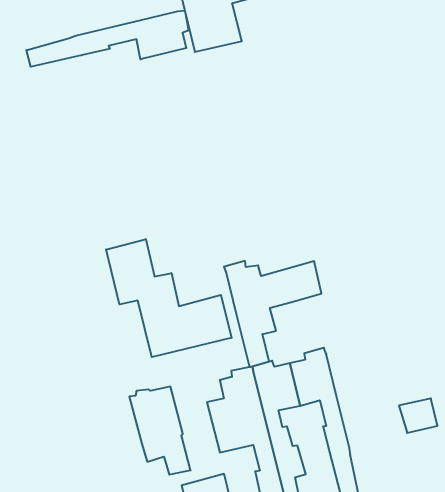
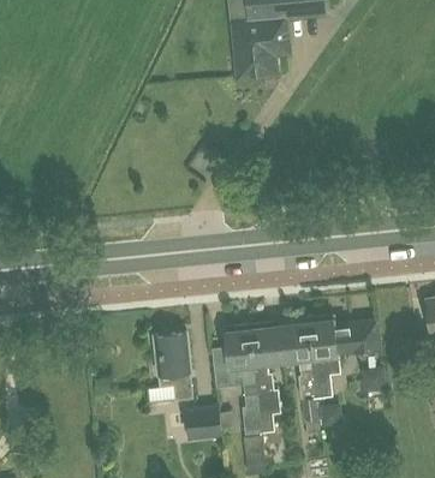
building: [26,10,189,67] -> none
building: [106,239,232,357] -> none
building: [224,261,321,367] -> [308,316,380,398]

